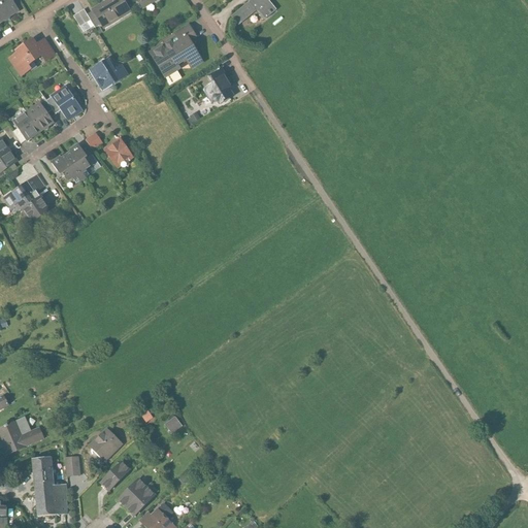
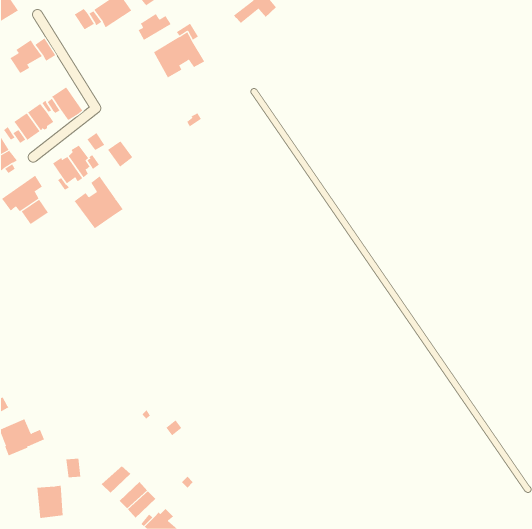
building: none -> [138,13,171,41]
building: [90,59,128,89] -> none
building: [204,69,233,105] -> none
building: none -> [74,176,124,229]
building: [91,427,120,457] -> none
building: [34,455,54,483] -> none

